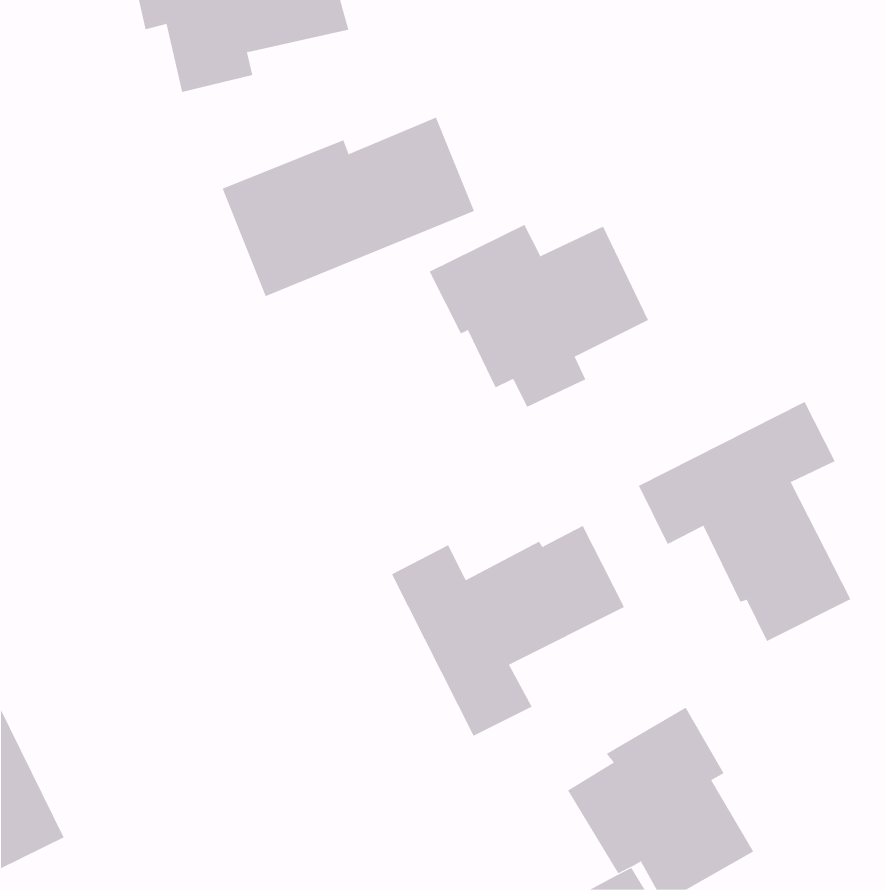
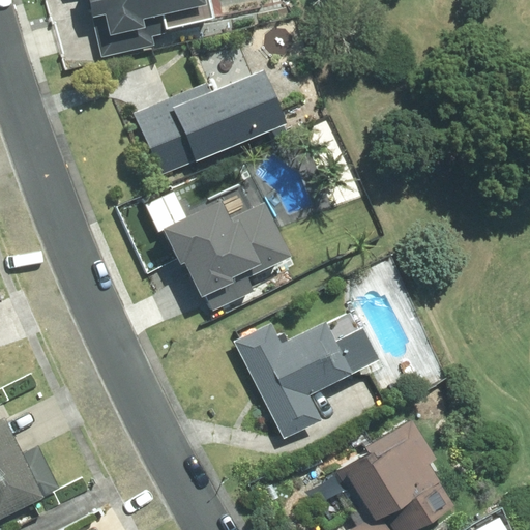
building: [429,224,649,407] -> [159,199,290,307]
building: [638,401,851,642] -> none

